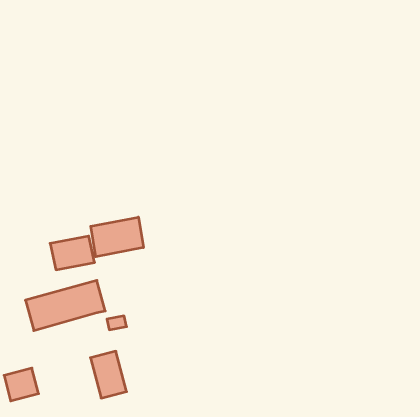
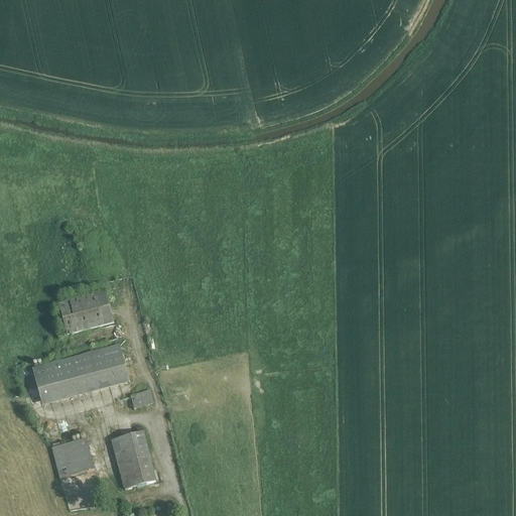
building: [91,217,143,257] -> none
building: [4,368,39,401] -> [51,437,94,478]

